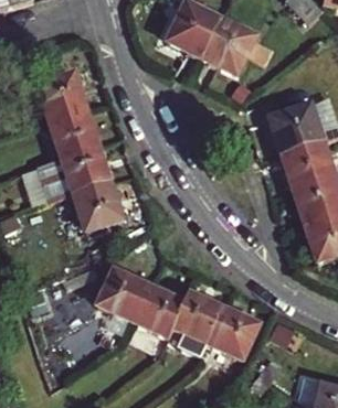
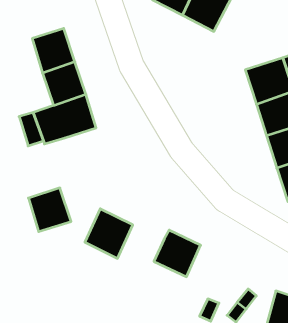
building: [75,181,122,228] -> [28,188,71,232]
building: [133,287,183,339] -> none
building: [208,309,258,359] -> none

